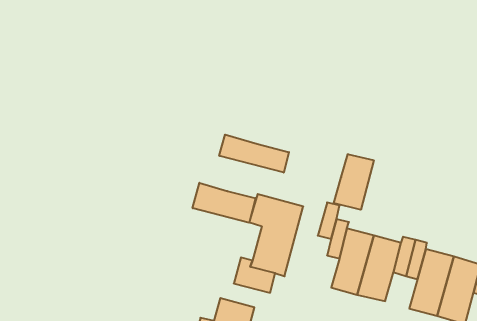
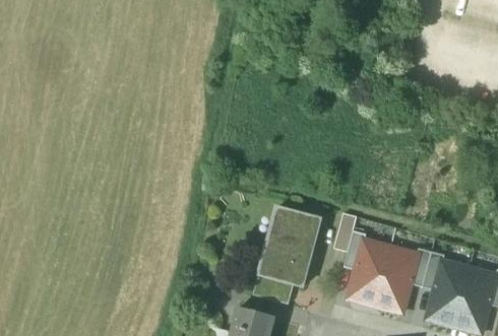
building: [219,135,289,173] -> none
building: [334,154,374,210] -> none
building: [193,183,255,223] -> none

